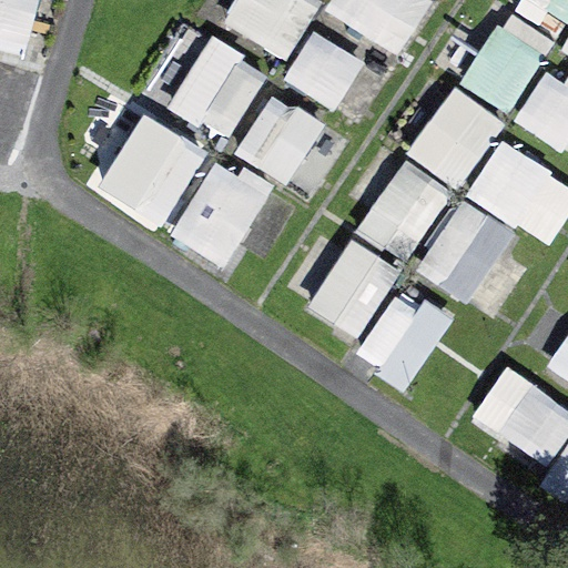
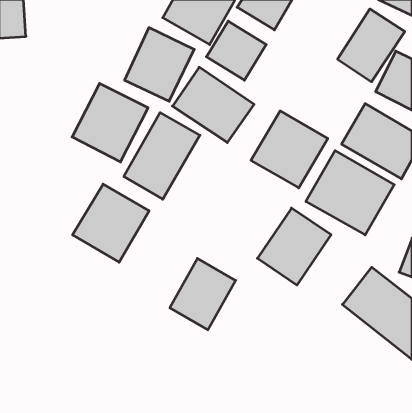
building: [406,88,504,186] -> none
building: [305,243,395,341] -> [170,258,236,330]
building: none -> [73,184,149,262]

